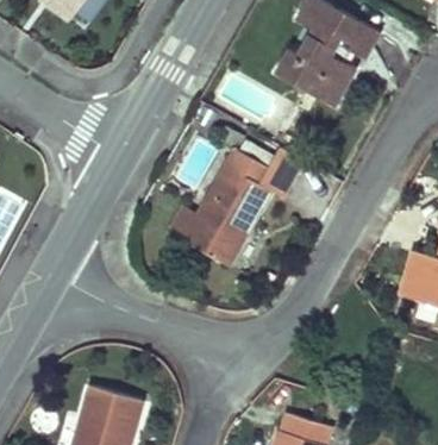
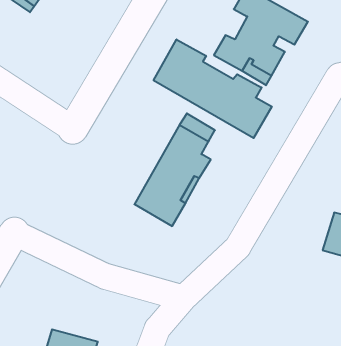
building: none -> [154,39,272,138]

